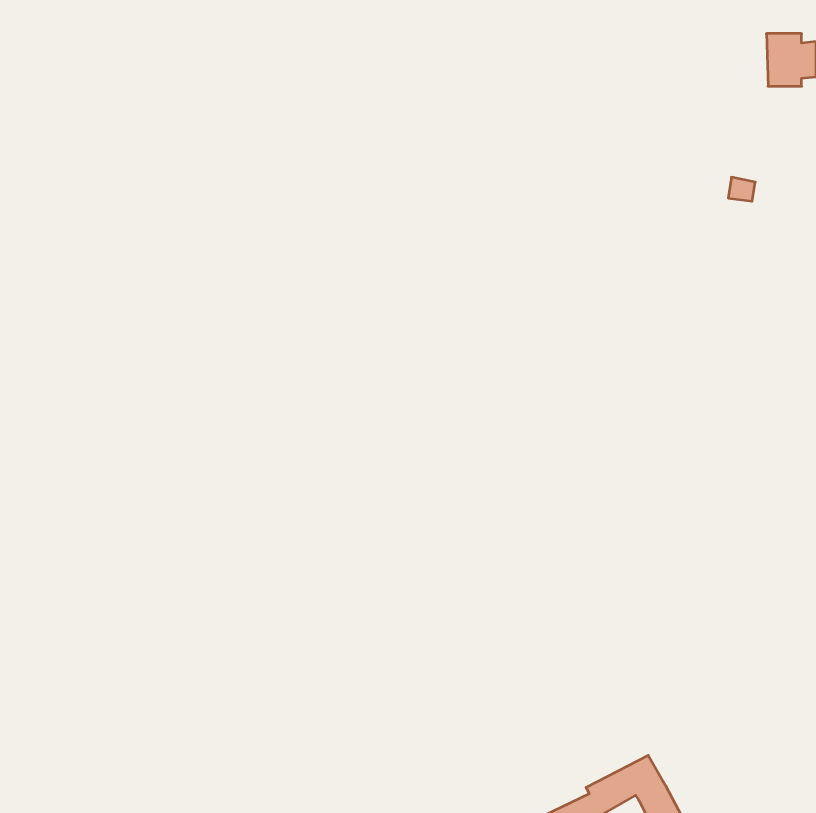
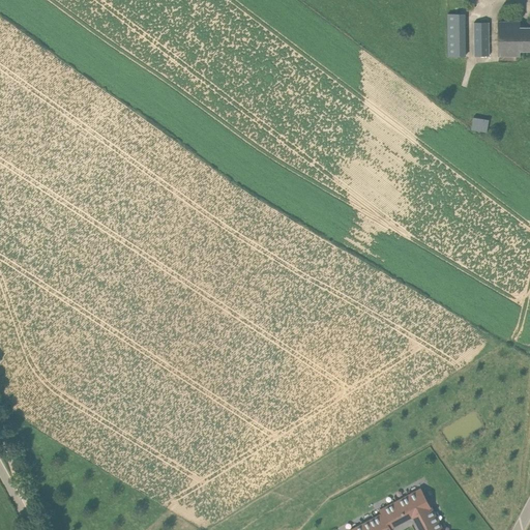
building: none -> [448,13,467,57]
building: none -> [474,24,489,58]

